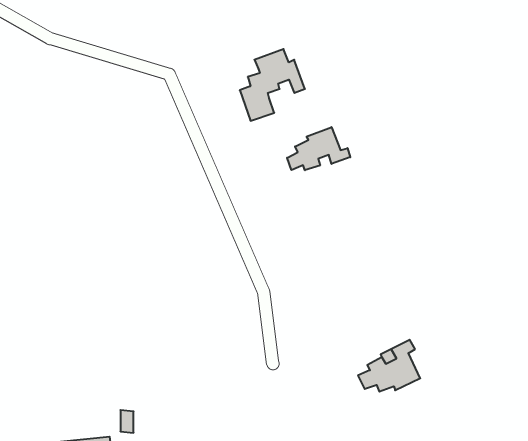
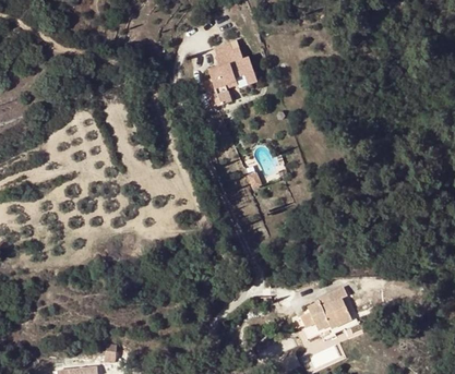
building: [287,127,350,170] -> none

